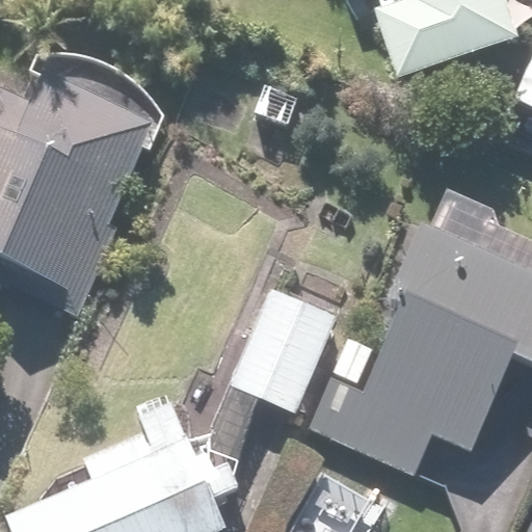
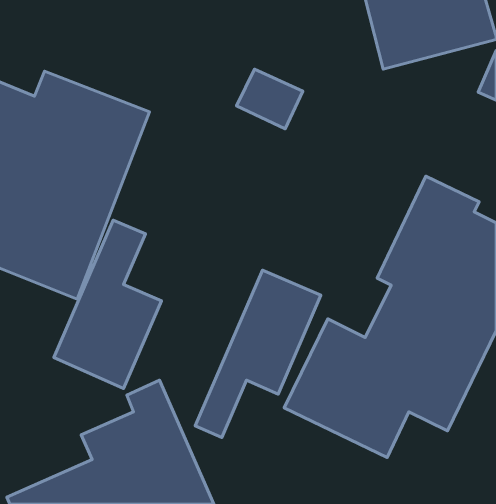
building: none -> [54,220,162,388]

